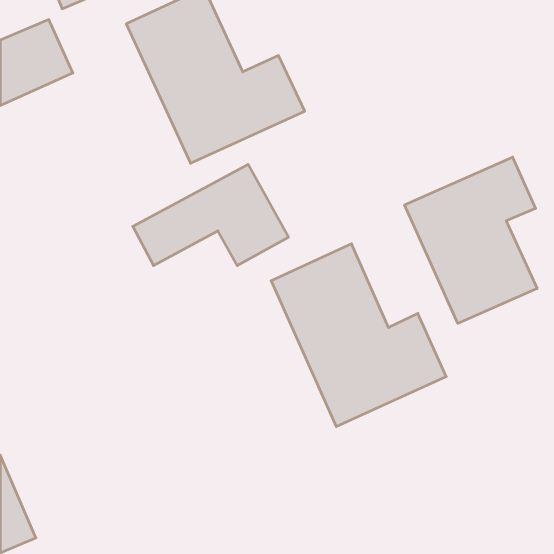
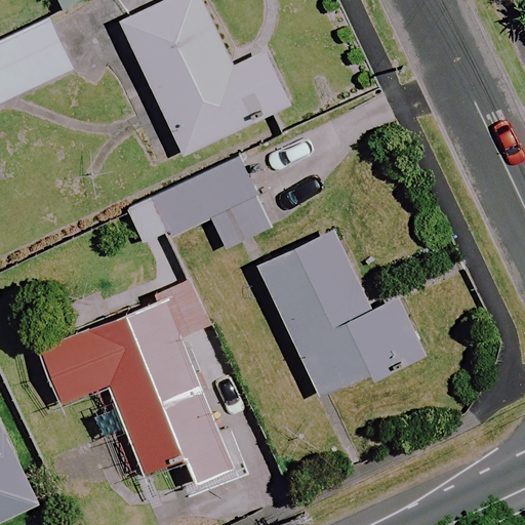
building: [405,157,537,323] -> none
building: none -> [39,284,233,482]

